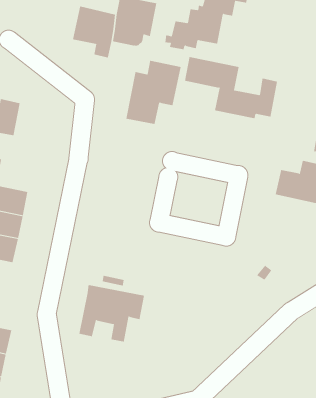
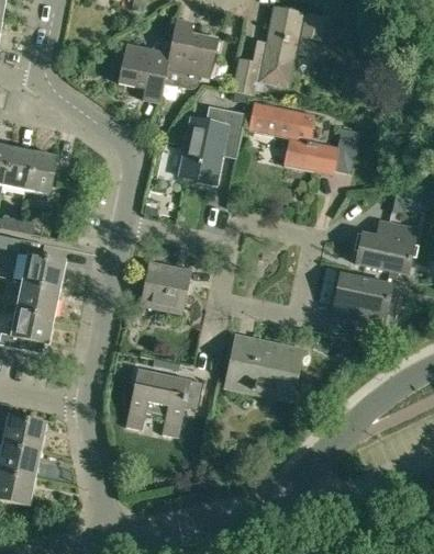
building: none -> [140,261,190,313]
building: none -> [333,272,391,328]
building: none -> [224,336,301,396]

